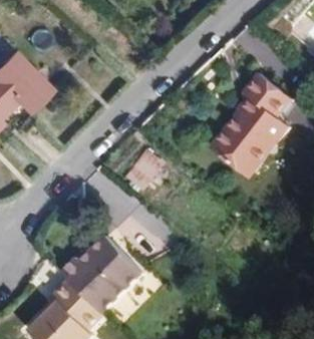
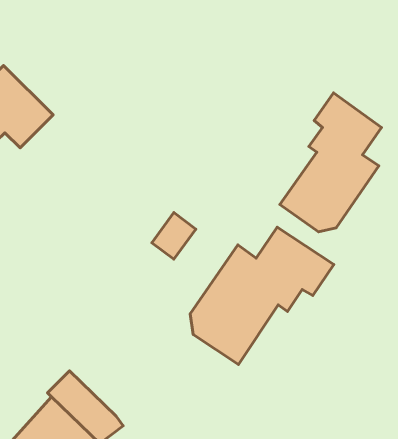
building: none -> [190,227,334,364]
building: [61,230,137,307] -> none

